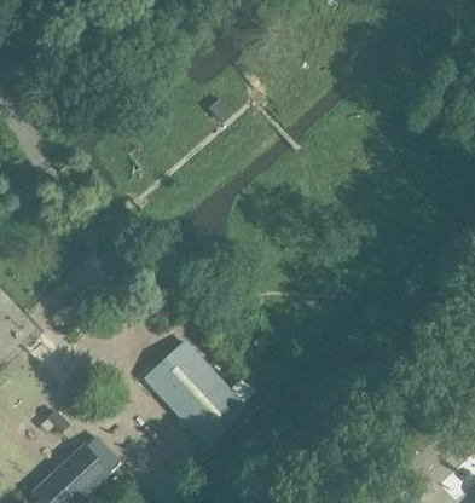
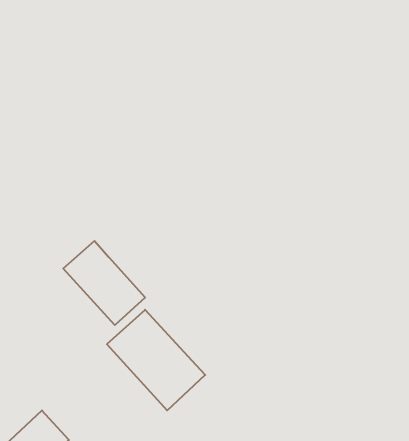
building: none -> [63,241,145,325]

